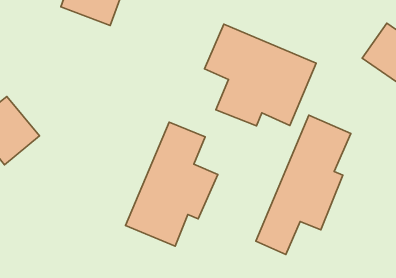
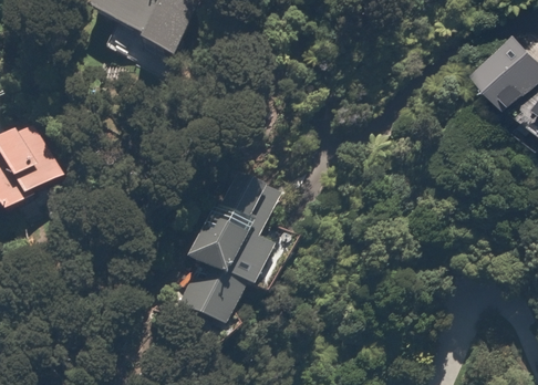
building: [204,24,316,126] -> none
building: [256,115,351,254] -> none

